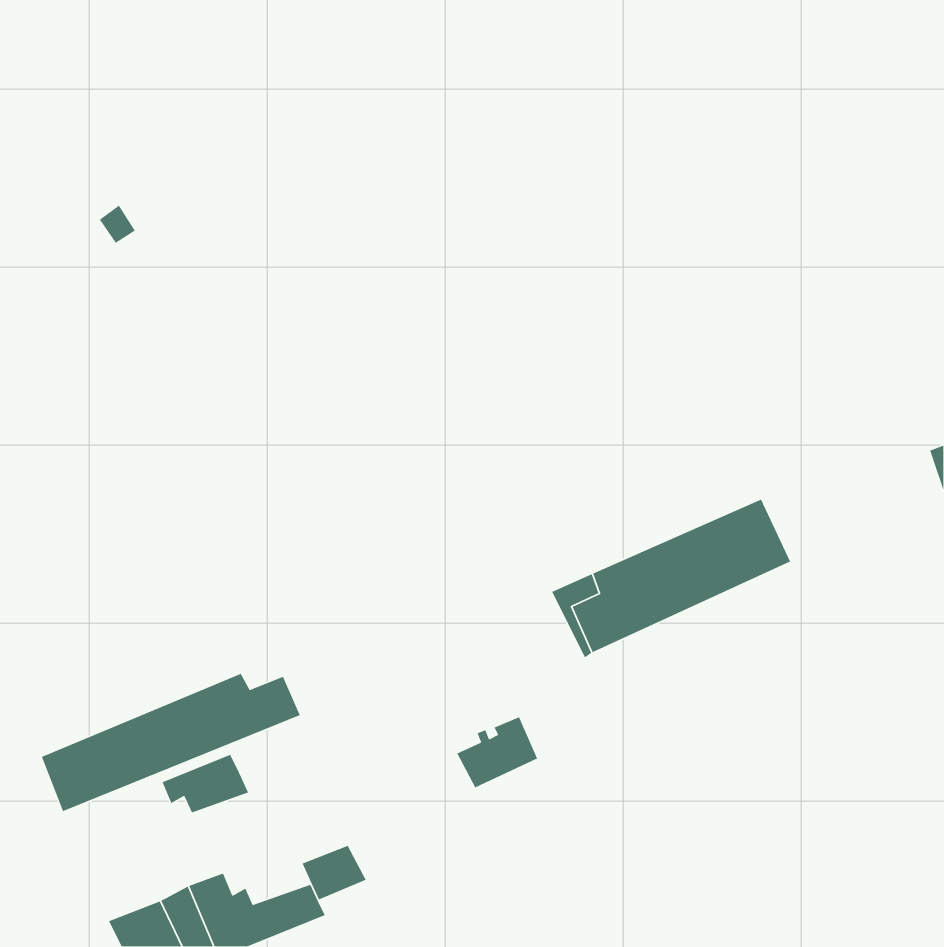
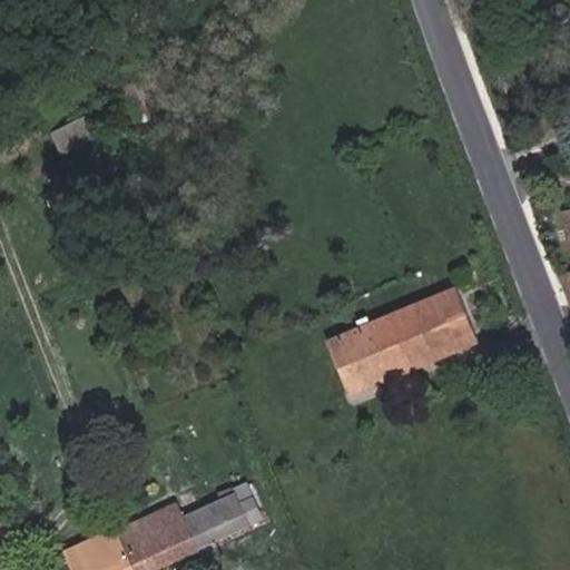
building: [41,673,301,812] -> none
building: [456,716,538,789] -> [208,483,257,527]
building: [162,754,249,813] -> [134,505,186,541]

